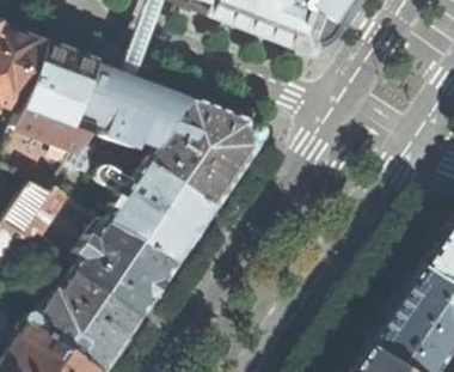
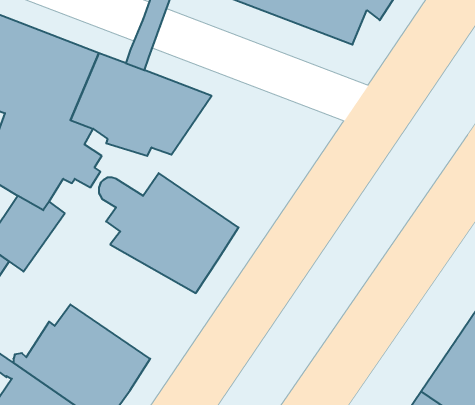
building: [151,99,268,209] -> none
building: [76,220,182,319] -> none

